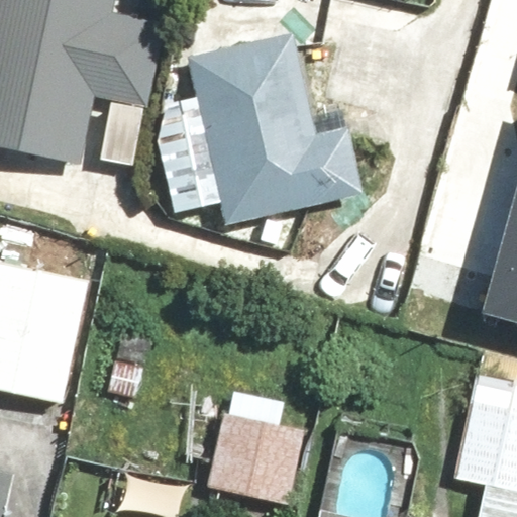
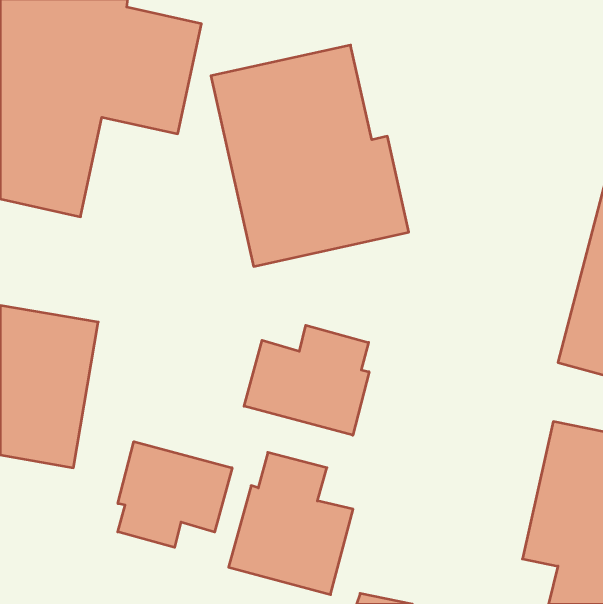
building: none -> [244,325,369,435]
building: none -> [118,442,232,547]

